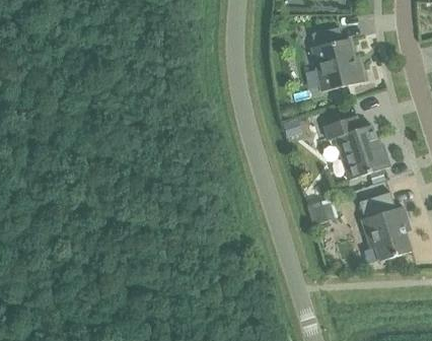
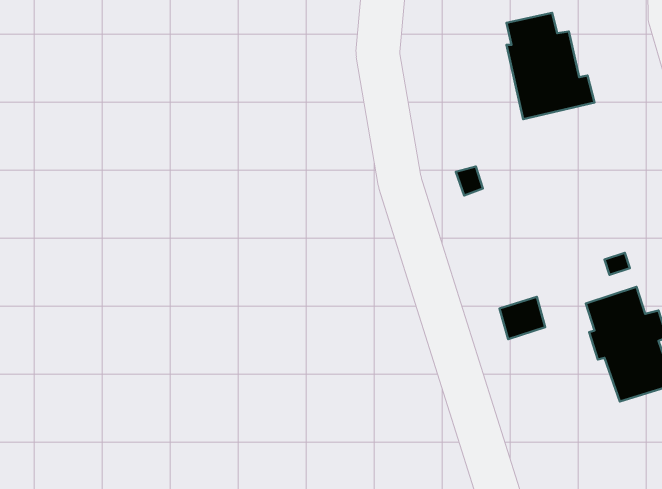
building: [323,115,390,179] -> none

